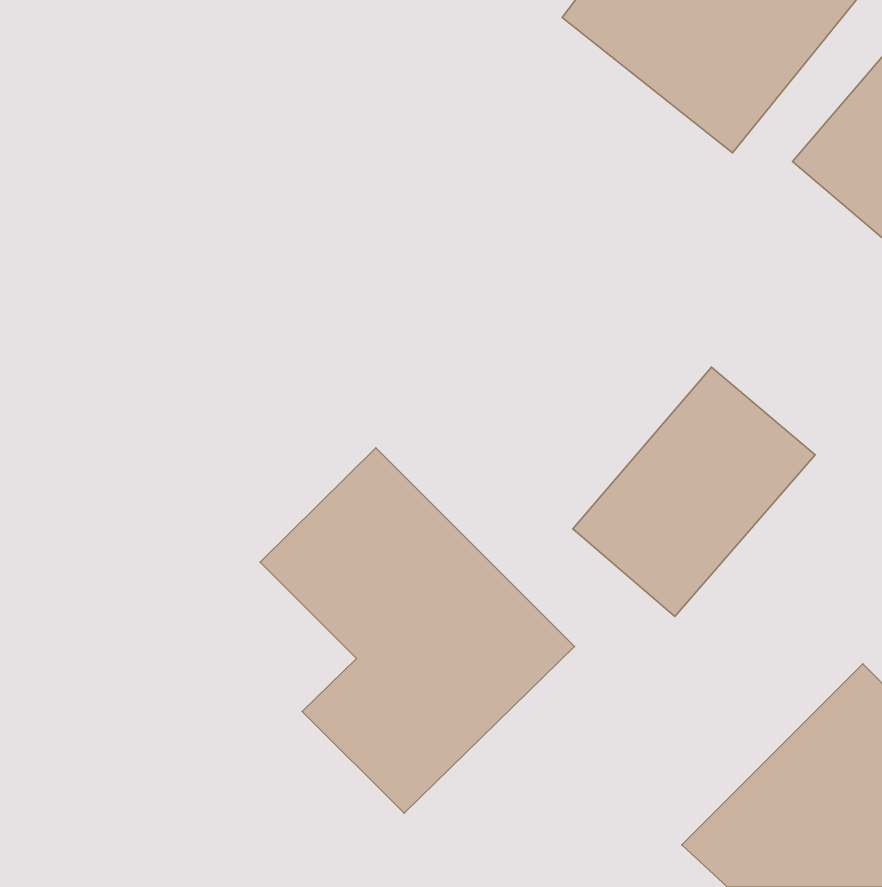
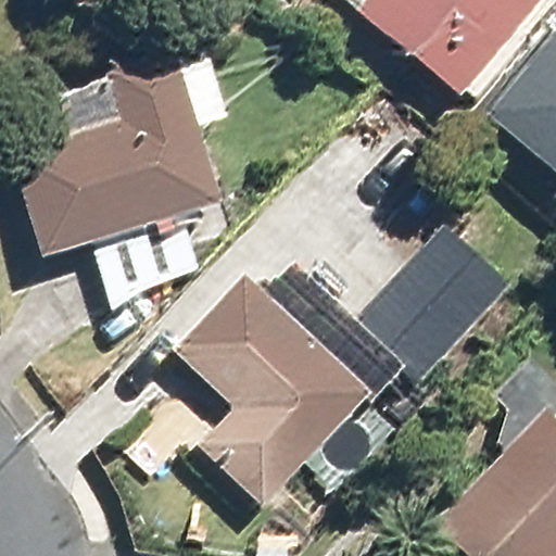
building: none -> [15,56,218,254]

